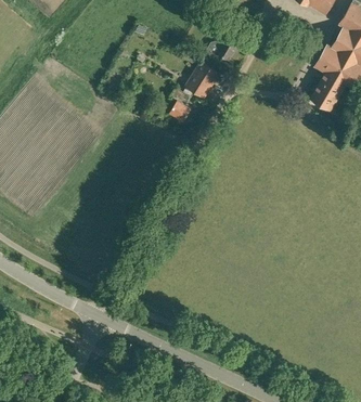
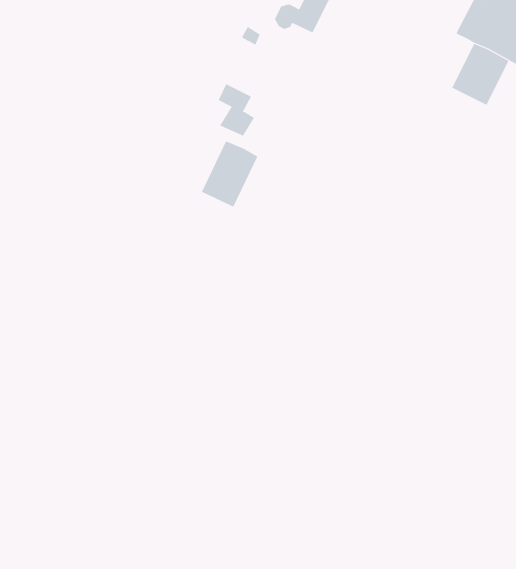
building: [186,62,217,96] -> none
building: none -> [201,140,258,208]

